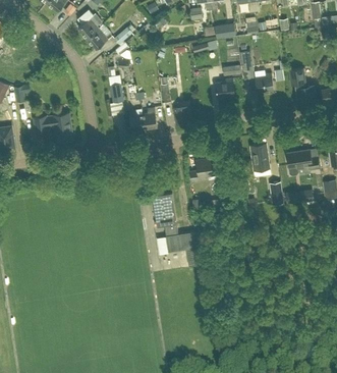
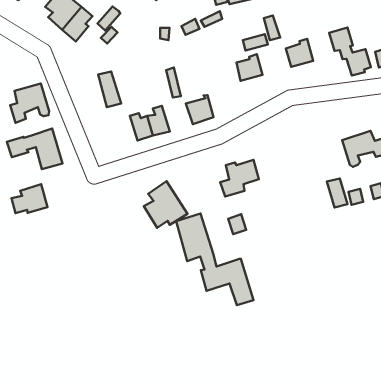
building: none -> [10,83,49,123]
building: [250,143,270,170] -> none
building: none -> [12,184,48,213]
building: none -> [144,181,188,228]

